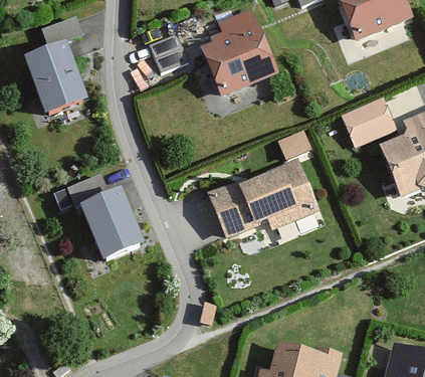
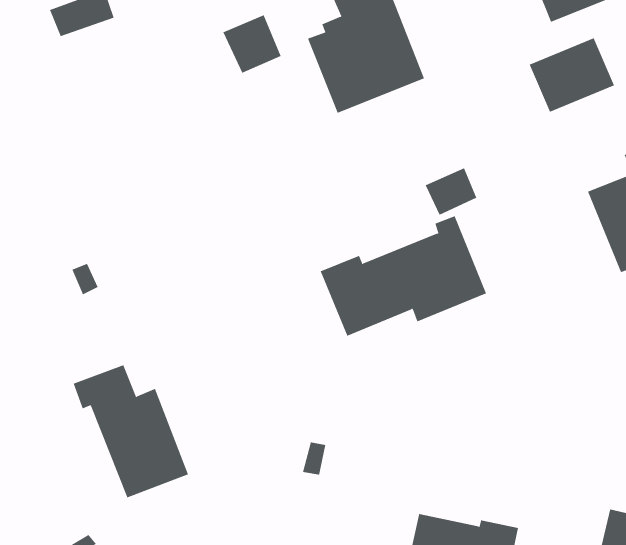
building: [24,44,86,114] -> none
building: [342,97,396,144] -> [529,38,615,112]
building: [68,176,142,260] -> [73,364,189,498]

